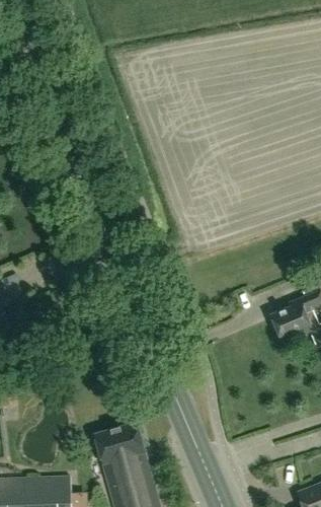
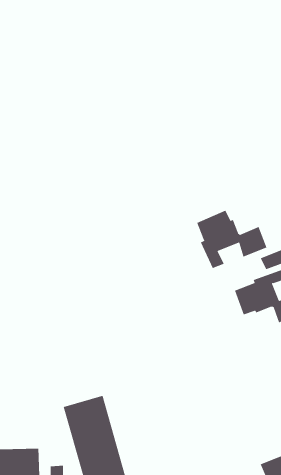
building: none -> [196,210,267,269]

